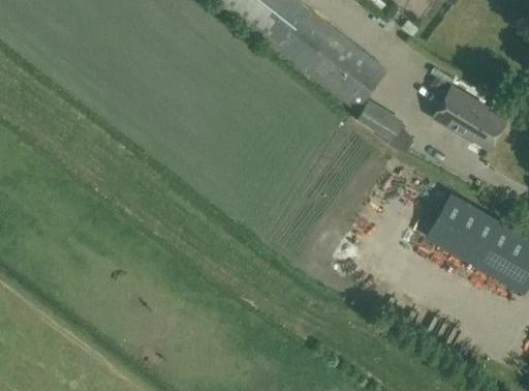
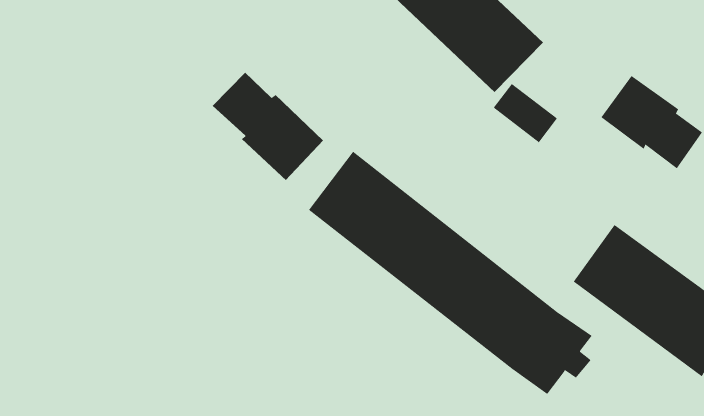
building: none -> [212,72,324,181]
building: none -> [308,151,593,395]

